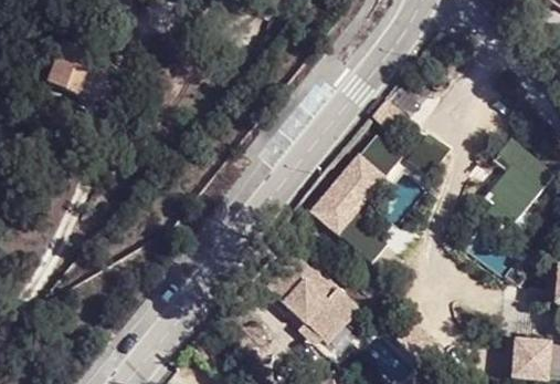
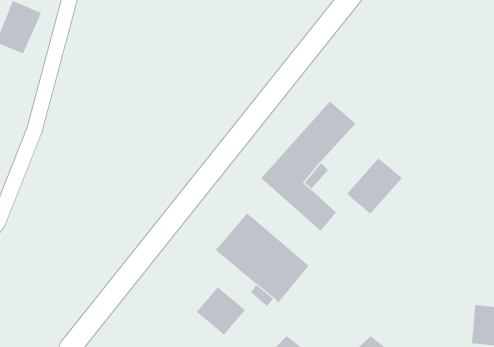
building: none -> [346,157,403,215]
building: none -> [196,286,246,335]

